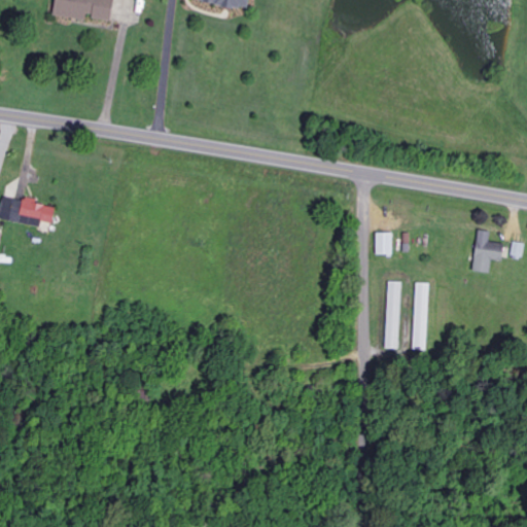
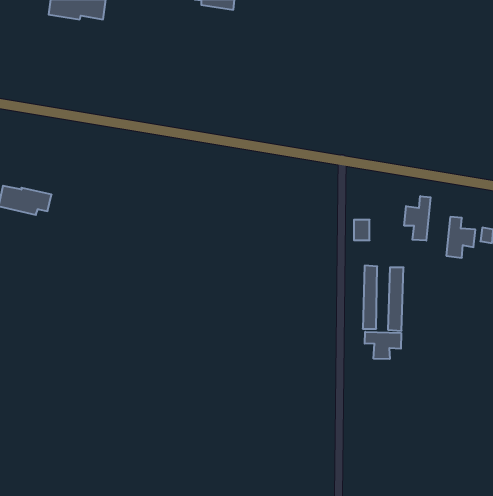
building: none -> [404,196,431,241]
building: none -> [365,332,401,359]

